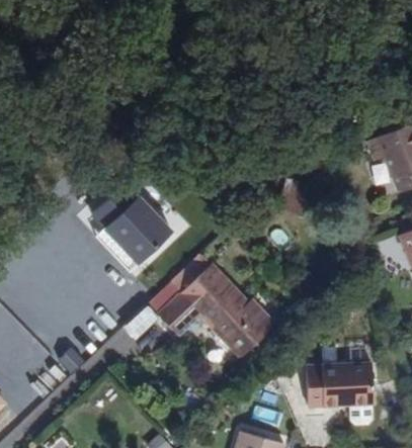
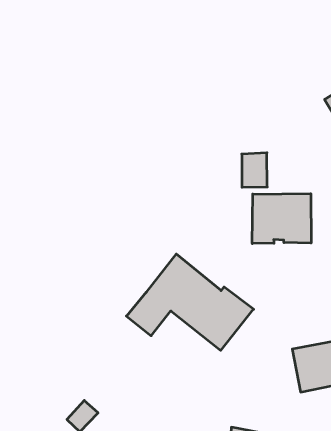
building: [96,185,176,266] -> none
building: none -> [252,194,311,244]

